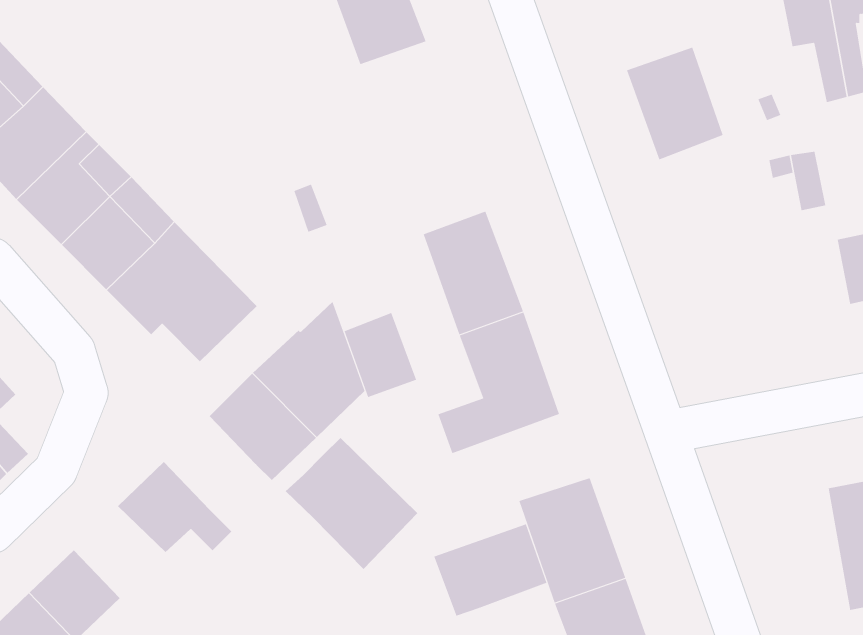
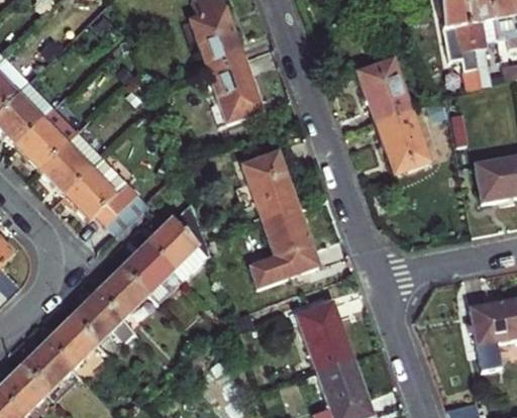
building: none -> [206,56,263,125]
building: none -> [374,108,429,175]
building: [344,312,417,398] -> none
building: none -> [96,266,147,318]
building: [285,437,418,570] -> none
building: none -> [45,316,97,368]
building: [434,523,547,617] -> none

